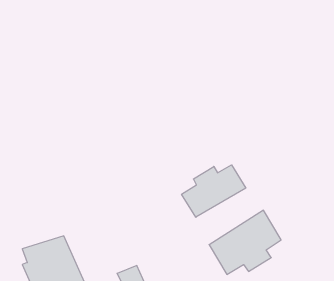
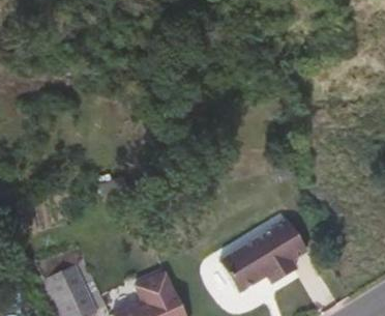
building: [182,165,246,217] -> none

